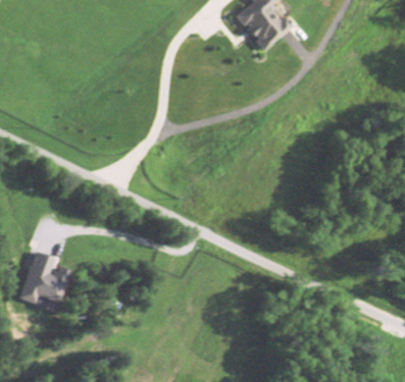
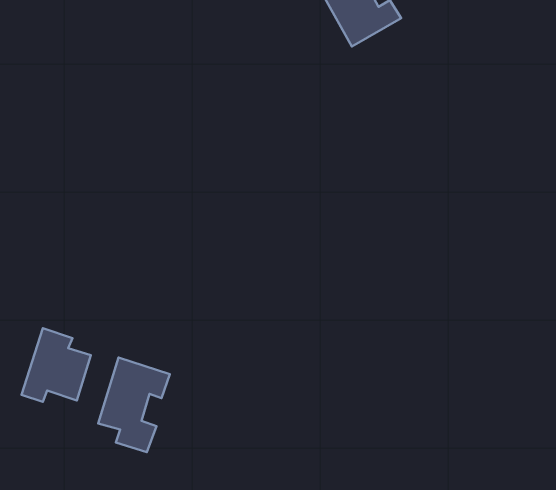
building: none -> [98,358,170,452]

